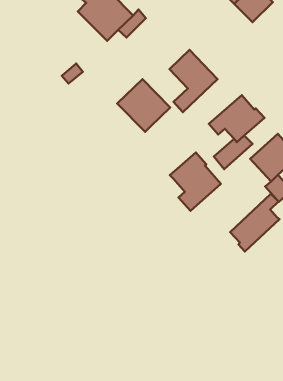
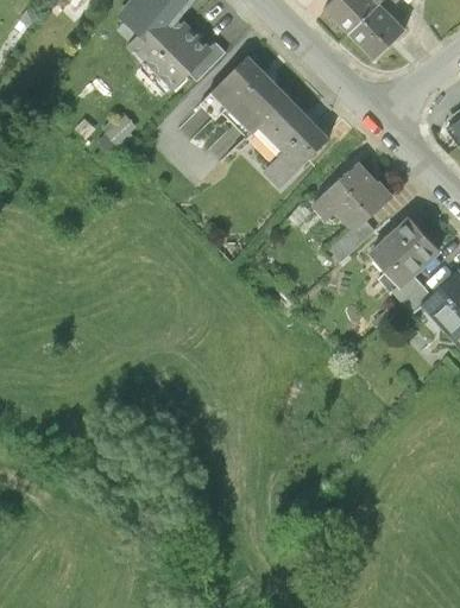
building: [117,79,170,132] -> [212,57,286,132]
building: [170,152,221,211] -> none
building: [230,194,279,251] -> none

